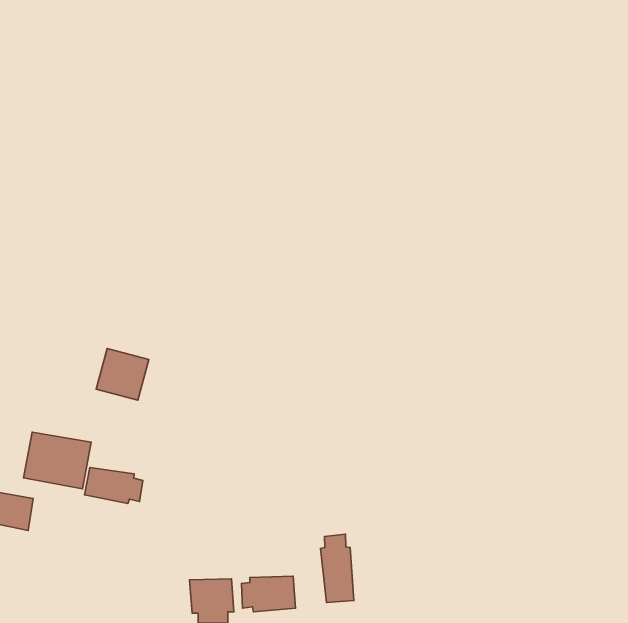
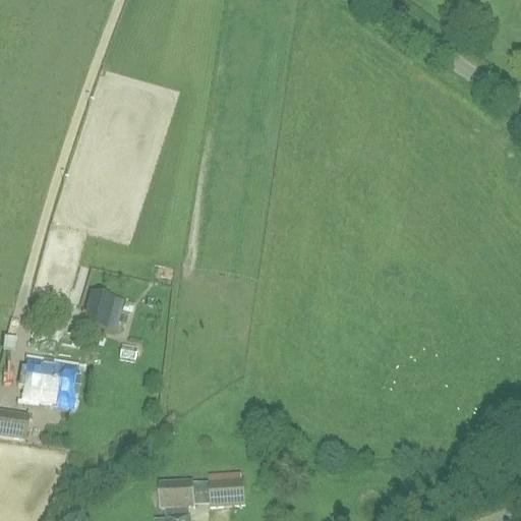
building: [85,467,143,503] -> none
building: [321,534,354,603] -> none

